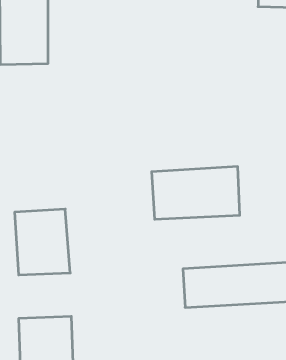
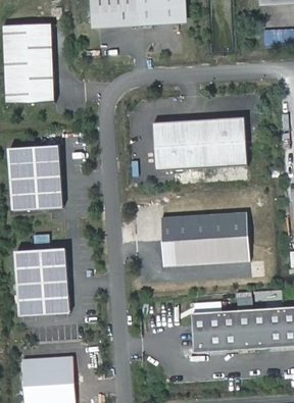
building: none -> [152,117,247,170]
building: none -> [12,141,63,202]

